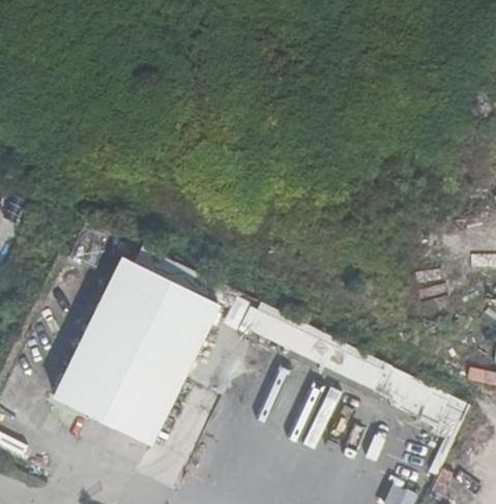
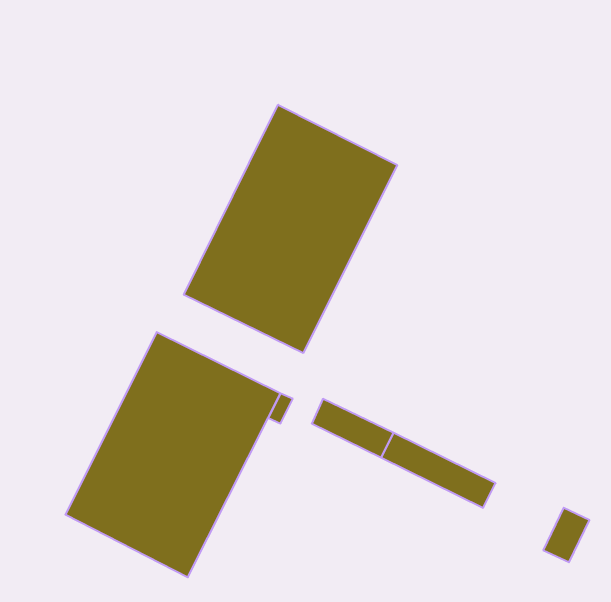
building: none -> [184,105,397,353]

